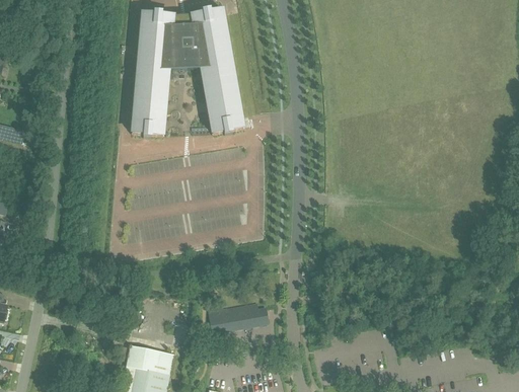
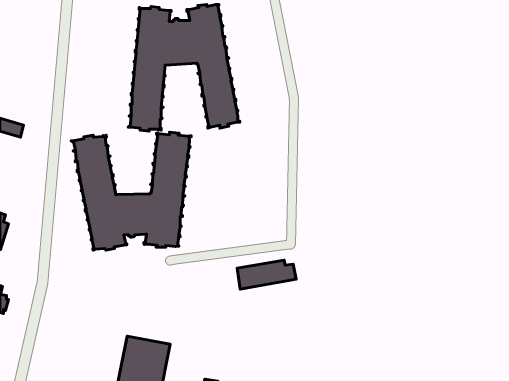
building: none -> [71,132,191,250]
building: [209,303,269,332] -> [237,260,296,289]

